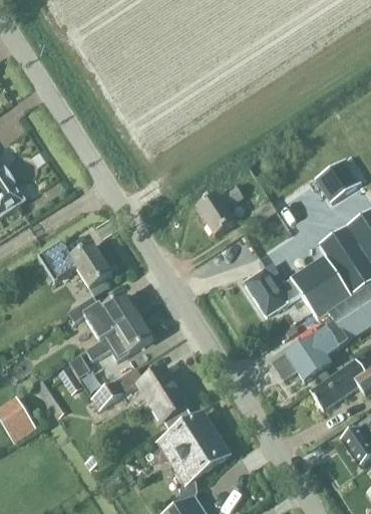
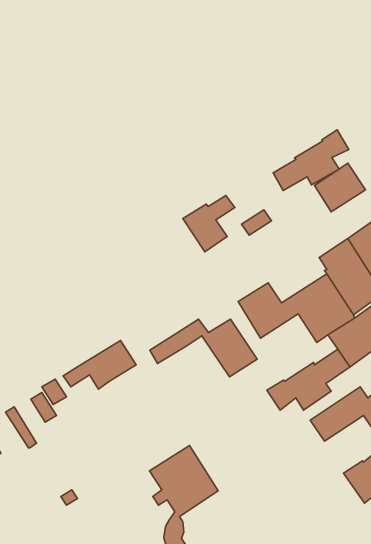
building: none -> [273,130,349,191]
building: [38,240,112,288] -> none
building: [68,294,140,341] -> none
building: [92,368,190,421] -> [150,319,257,377]

